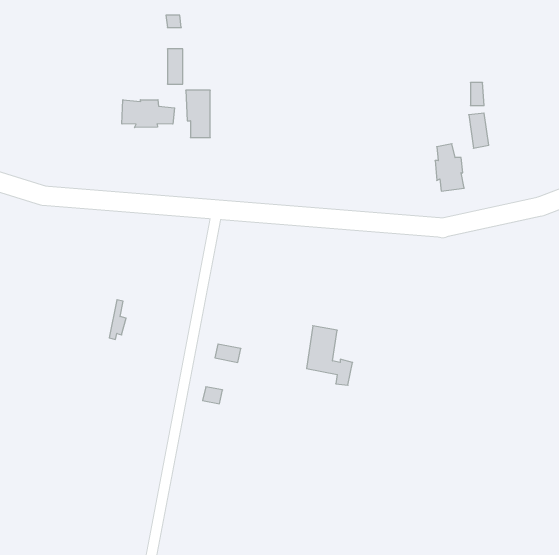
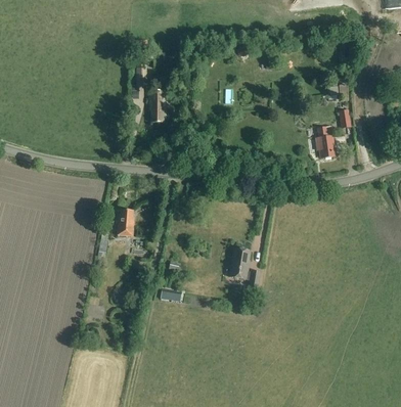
building: [122,100,175,128] -> none
building: none -> [116,209,133,236]

